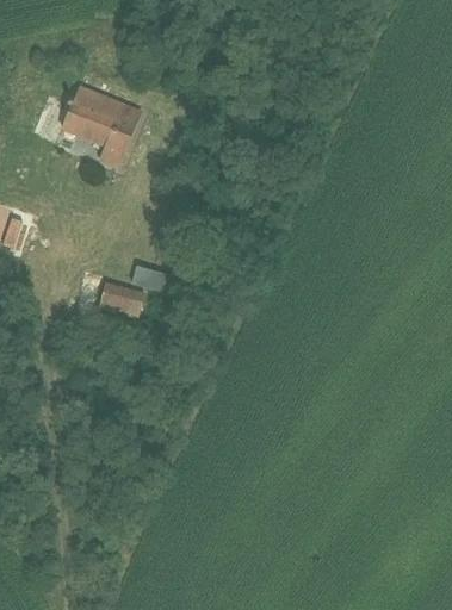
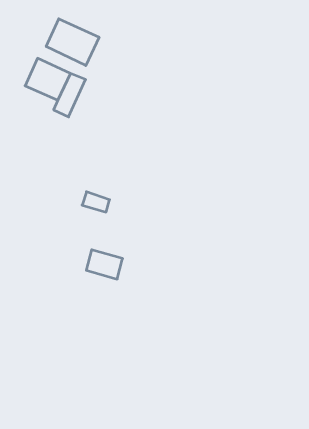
building: none -> [46,19,99,66]
building: [98,281,147,320] -> [86,250,123,279]

